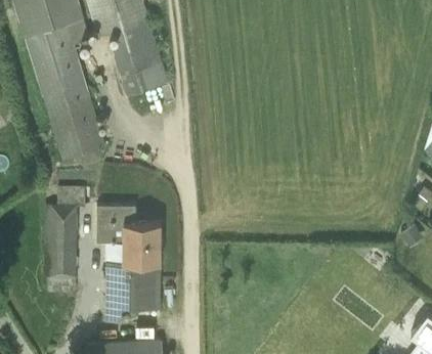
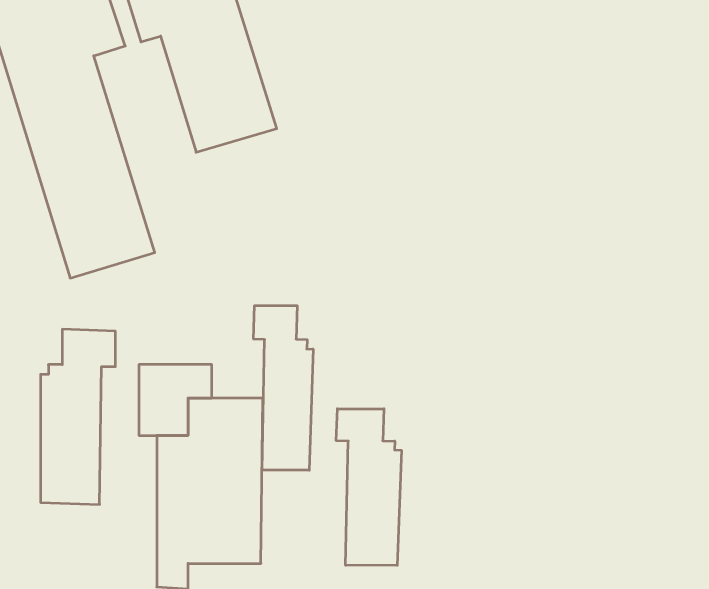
building: none -> [254,306,313,470]
building: none -> [336,409,401,565]

